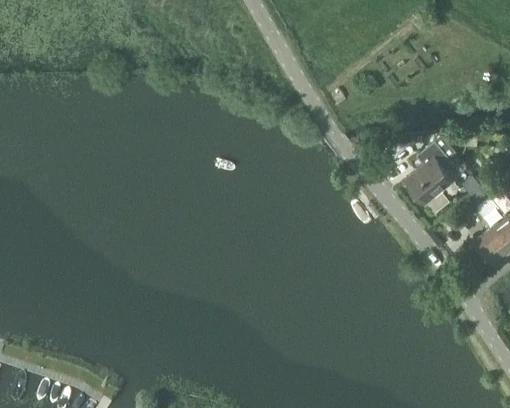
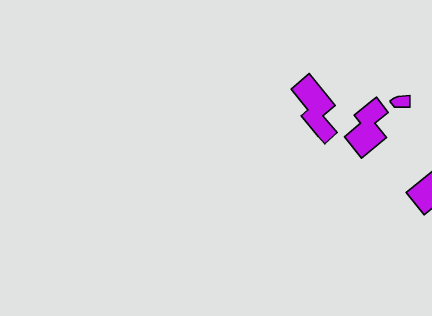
building: none -> [291,74,337,144]

